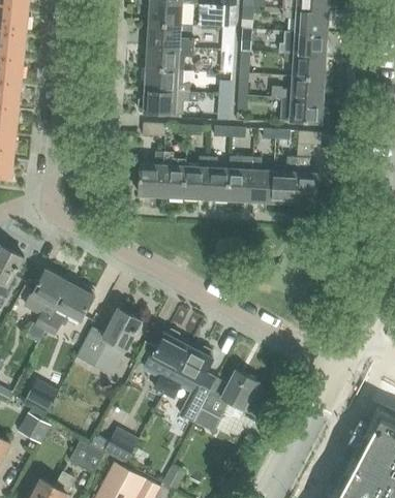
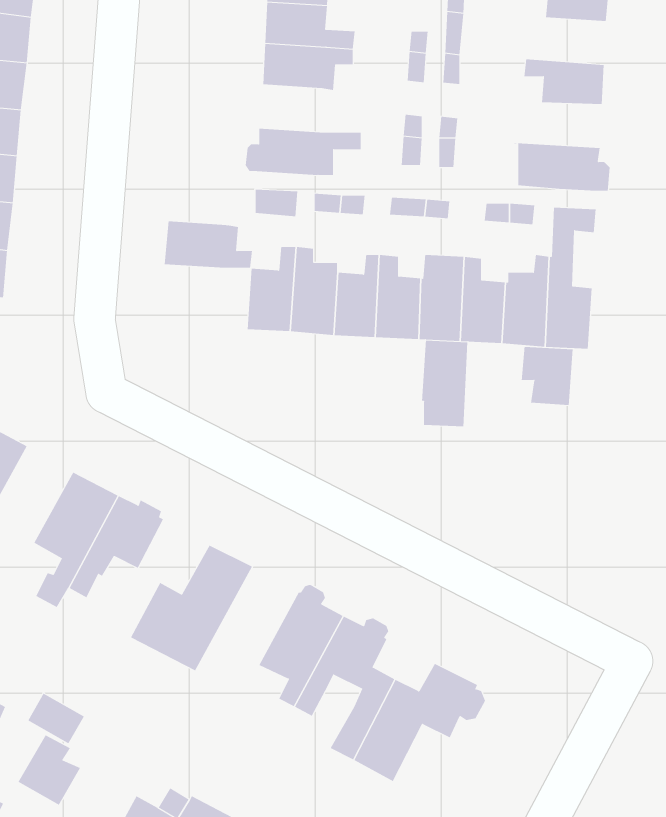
building: [278,31,326,57] -> none
building: [144,67,190,92] -> [164,221,253,268]
building: [270,76,324,100] -> none
building: none -> [422,340,468,427]
building: none -> [521,346,573,406]

